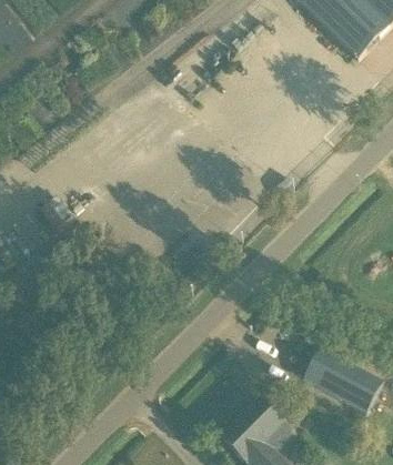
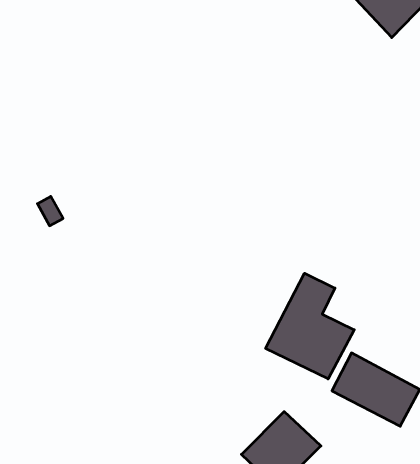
building: none -> [266,273,354,379]

